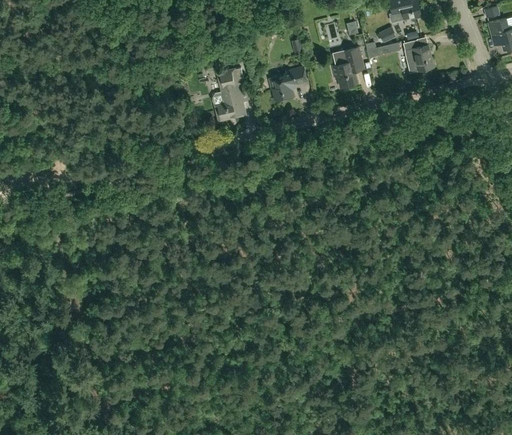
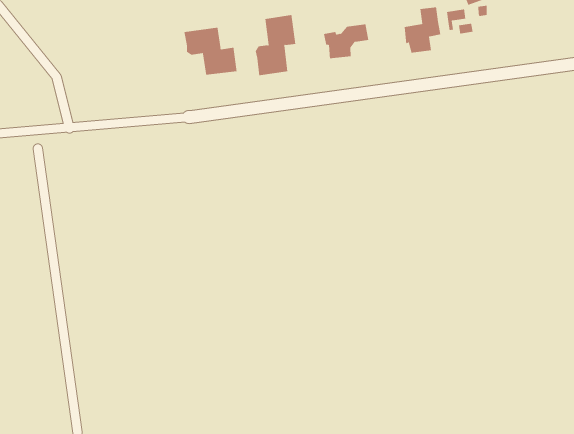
building: [403,39,434,72] -> none
building: none -> [184,27,237,76]

